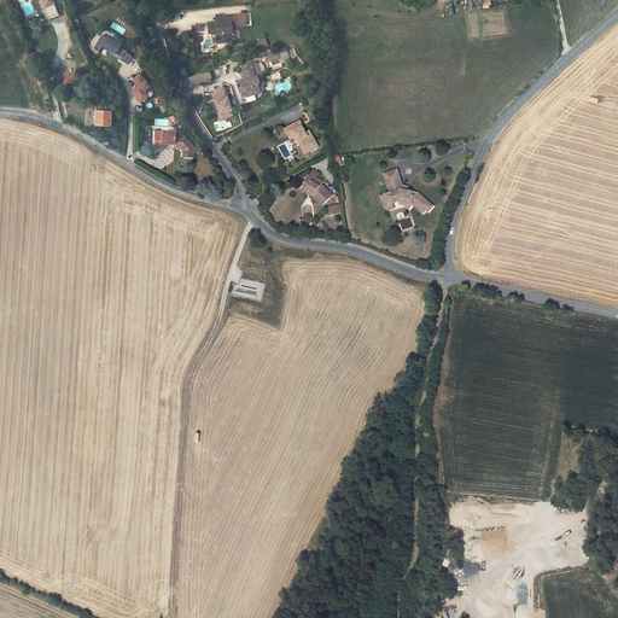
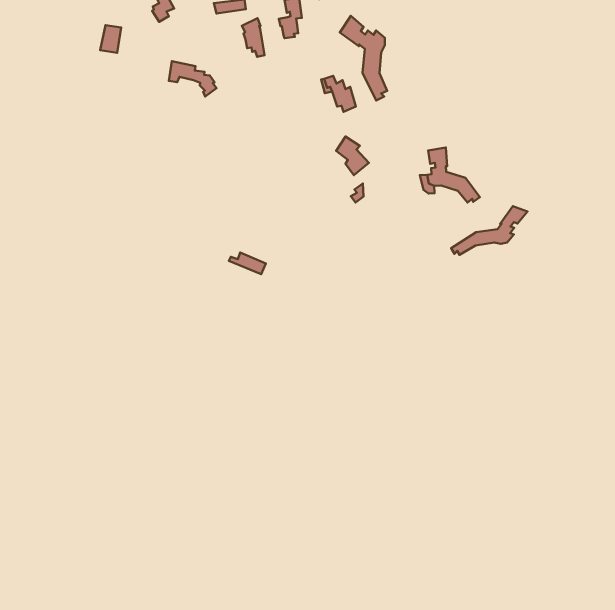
building: none -> [340,16,387,100]
building: none -> [451,206,528,255]

